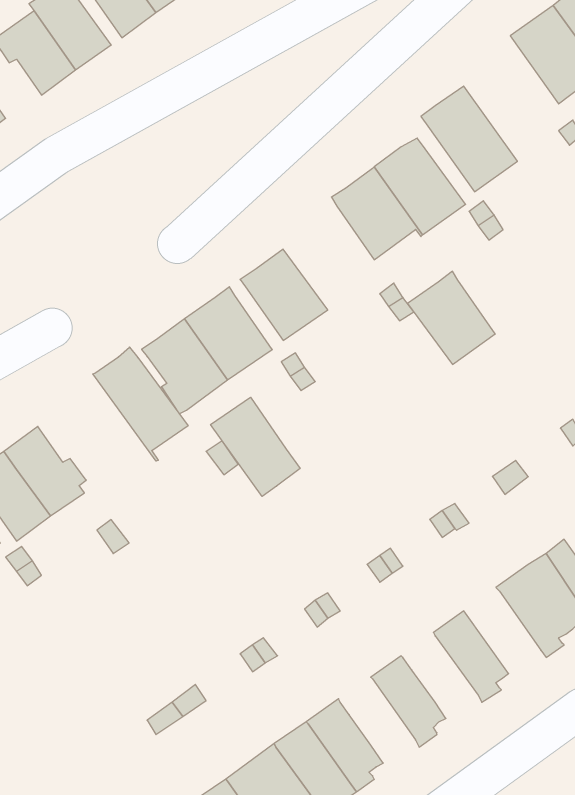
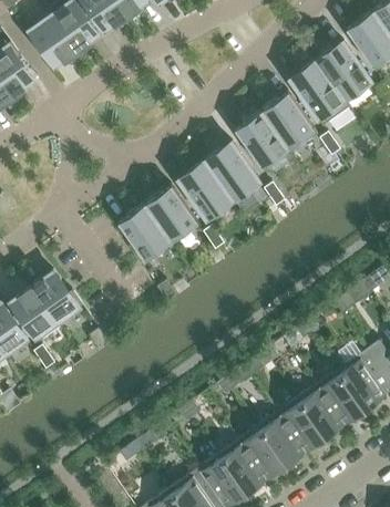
building: none -> [316,42,372,107]
building: [408,271,495,364] -> [204,142,258,199]
building: [93,347,188,461] -> none
building: [211,397,300,496] -> none
building: none -> [316,371,367,424]
building: none -> [277,399,327,452]
building: none -> [238,426,288,479]

